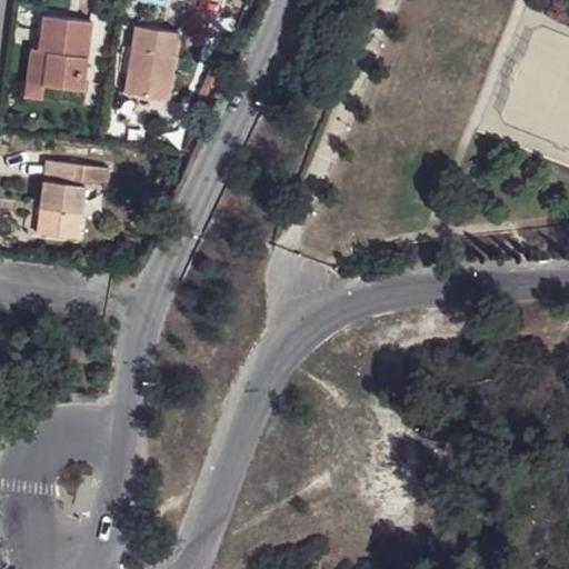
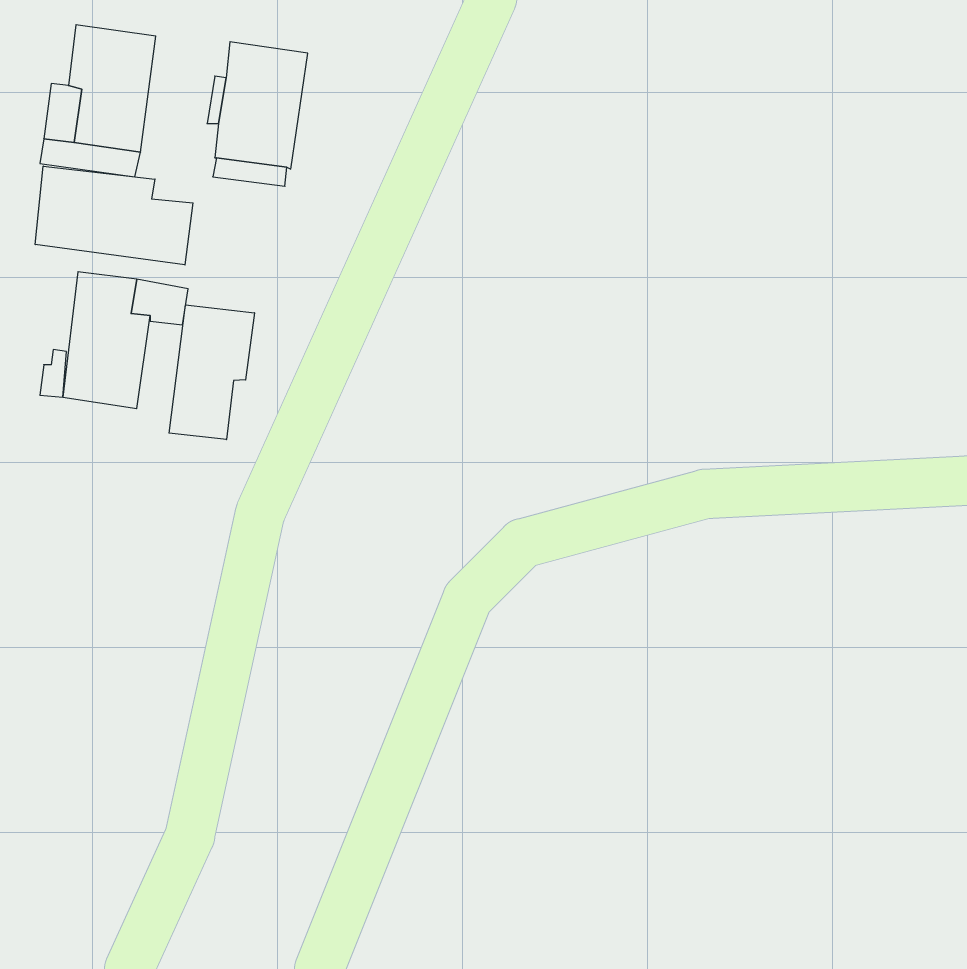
building: none -> [35,166,193,265]
building: none -> [169,305,254,440]

